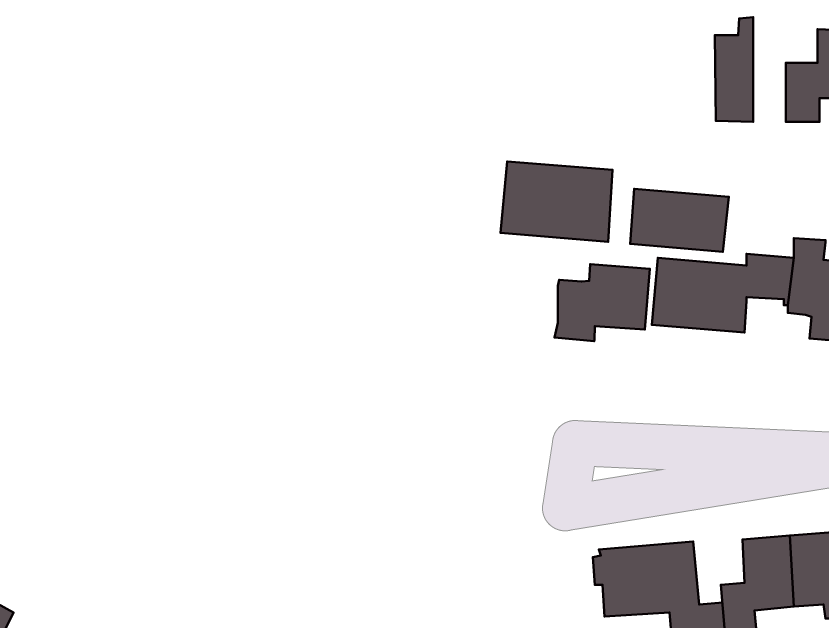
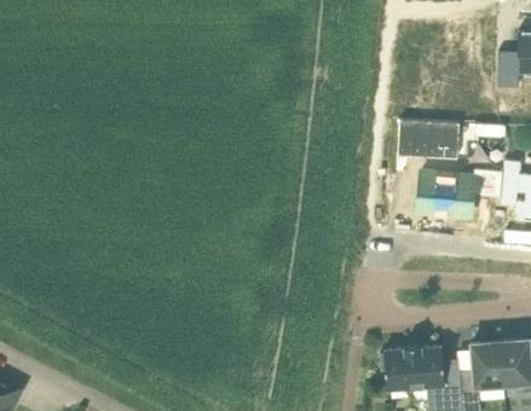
building: [715,17,753,122] -> none
building: [501,161,613,242] -> none
building: [555,264,650,341] -> none

